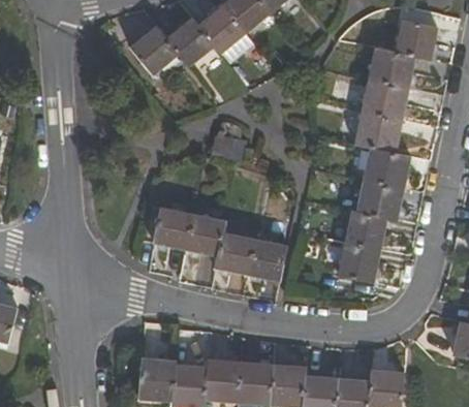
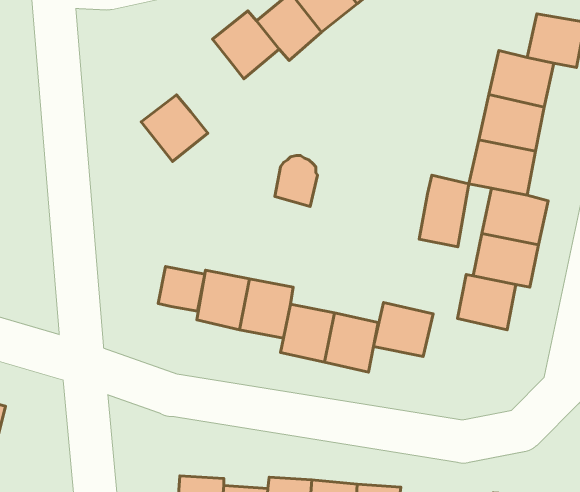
building: [129,26,178,74] -> [141,95,208,162]
building: none -> [419,175,469,247]
building: none -> [158,266,205,311]
building: [337,242,380,281] -> [374,303,433,356]

